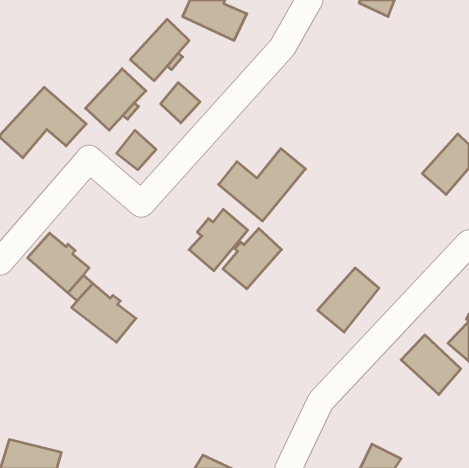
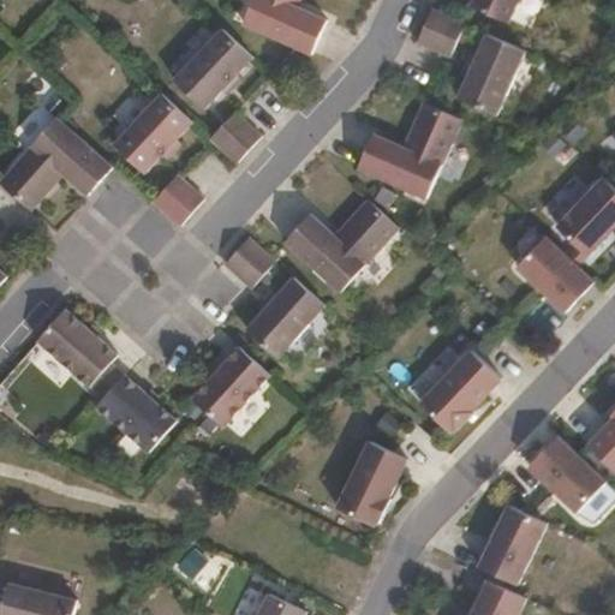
building: none -> [418,10,464,56]
building: none -> [459,31,525,113]
building: none -> [358,98,460,196]
building: none -> [225,235,274,285]
building: none -> [512,235,590,314]
building: [223,228,282,289] -> [193,344,270,423]
building: none -> [332,443,404,529]
building: none -> [477,507,545,589]

